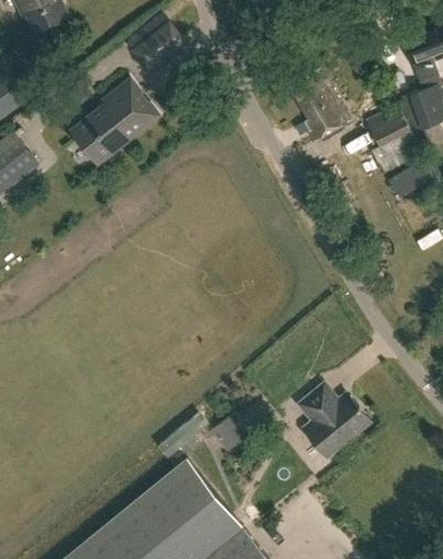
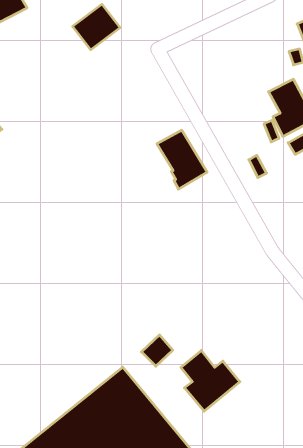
building: [288,70,349,142] -> [157,130,207,189]
building: [70,81,158,167] -> none
building: [299,382,371,456] -> [181,350,240,411]

